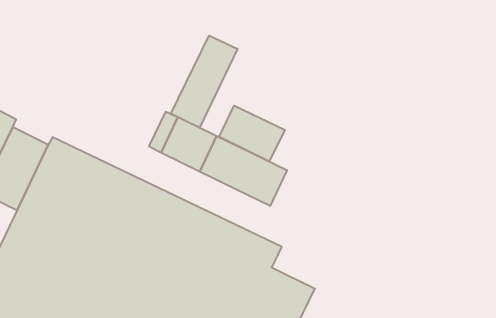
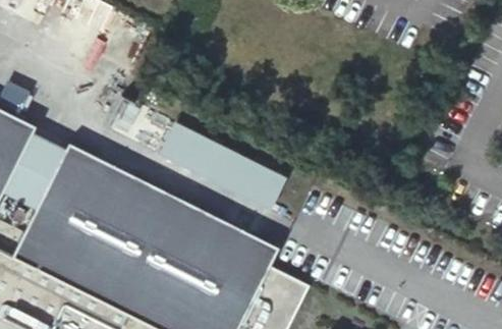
building: [171,36,238,128] -> none
building: [219,106,285,162] -> none

